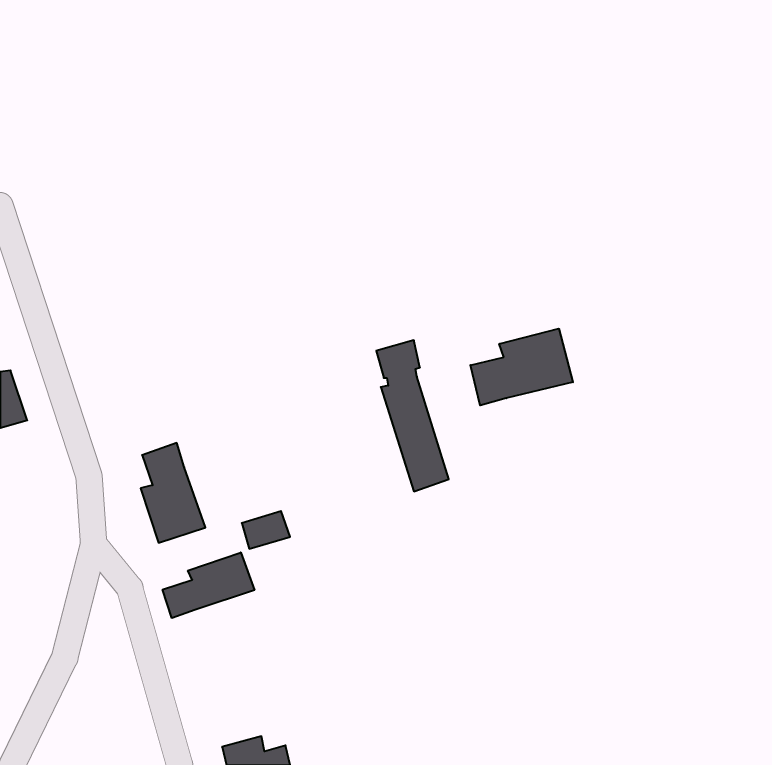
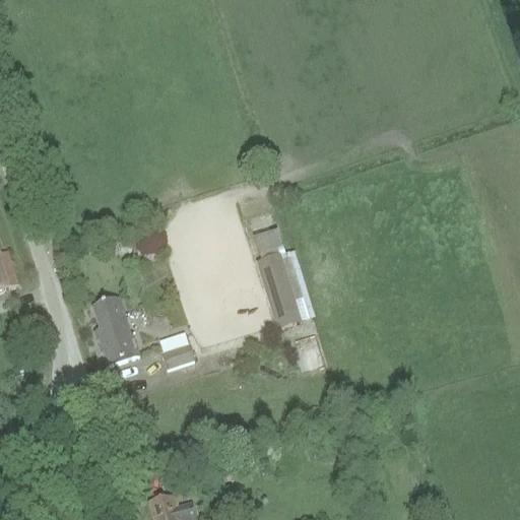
building: [470,329,573,405] -> none
building: [163,552,254,618] -> none

